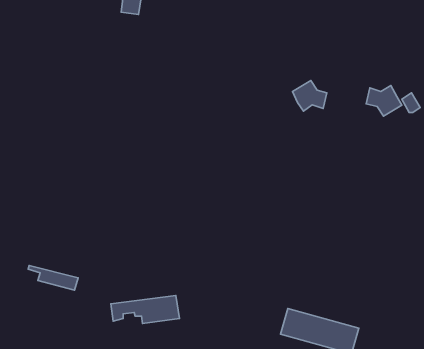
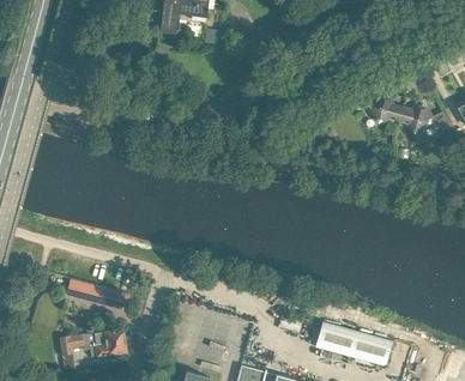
building: [293,80,327,111] -> [369,95,403,125]
building: [111,295,179,324] -> [60,329,127,357]

